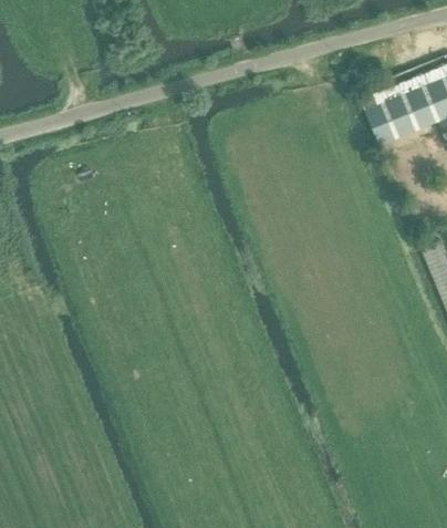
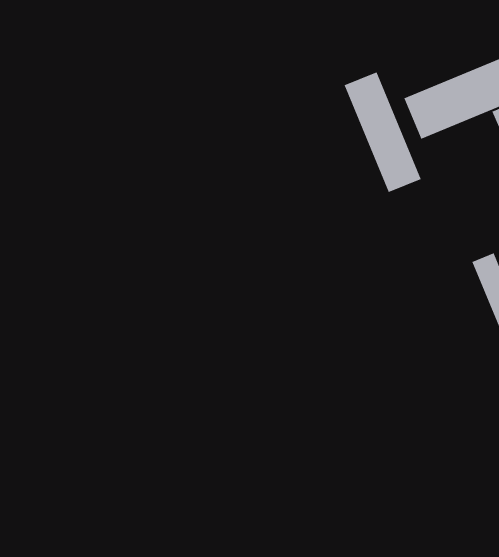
building: none -> [344,71,422,193]

